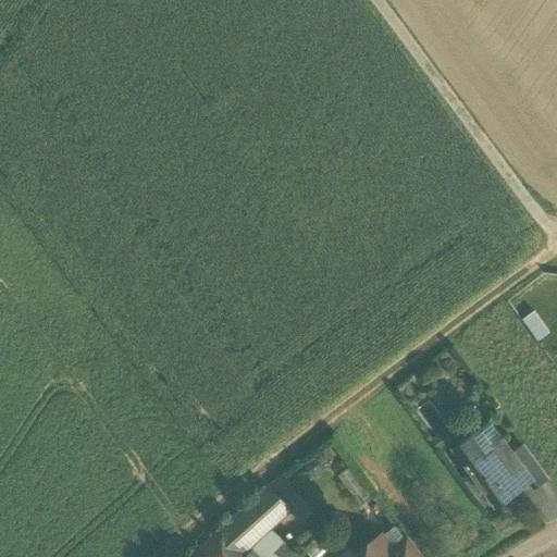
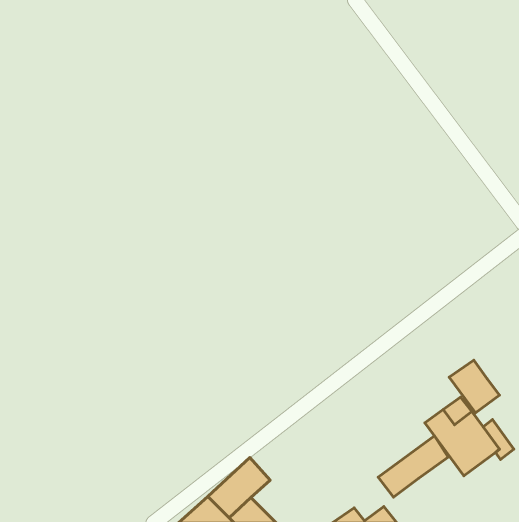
building: none -> [449,360,500,413]
building: none -> [378,436,448,497]

